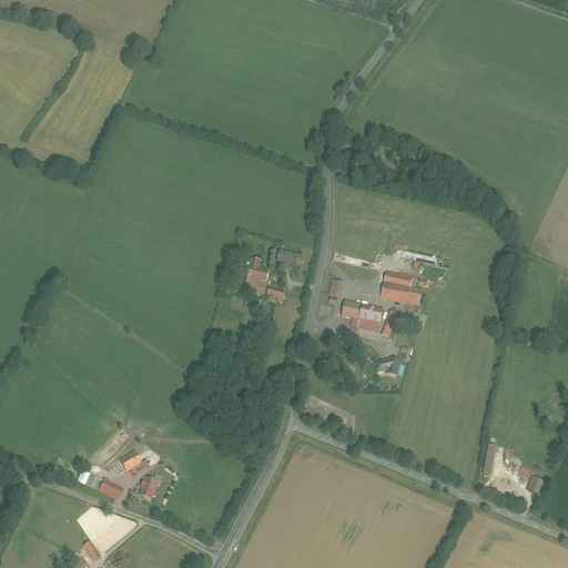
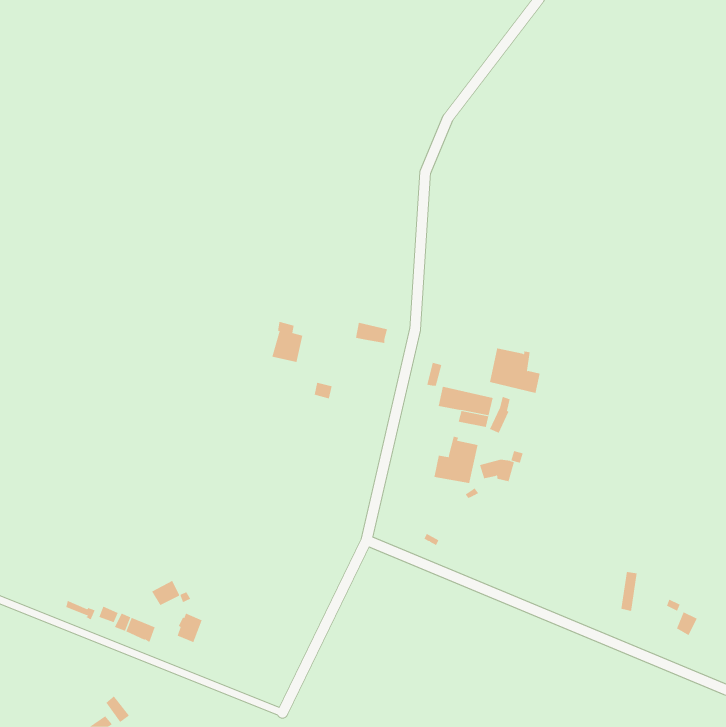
building: [244,258,268,291] -> [272,321,303,363]
building: none -> [434,436,478,484]

